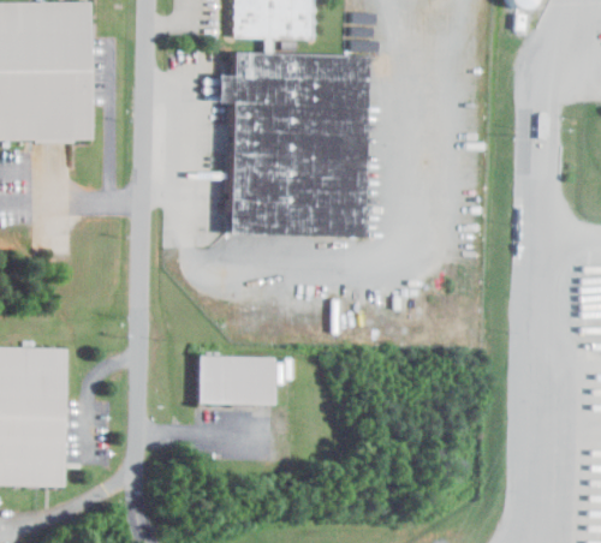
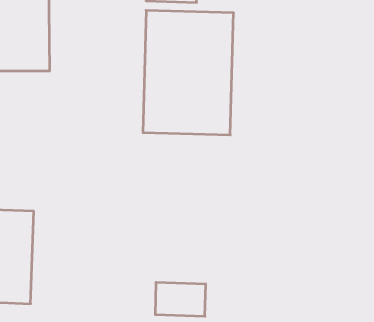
building: [200,354,275,405] -> [155,282,206,316]

